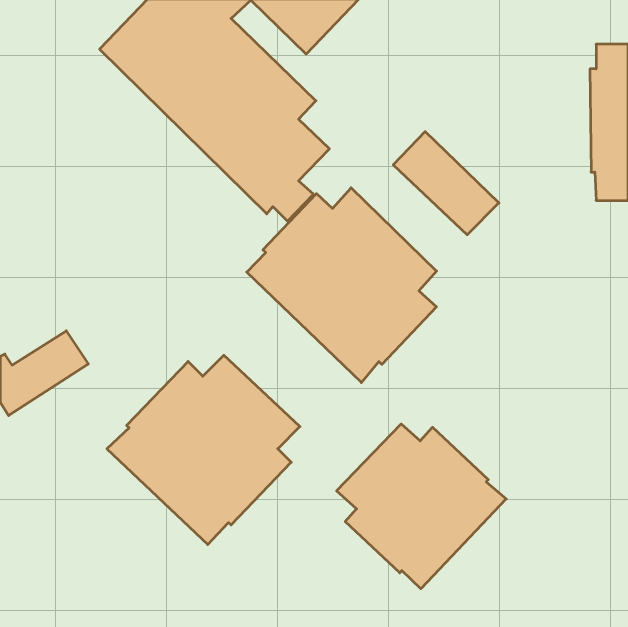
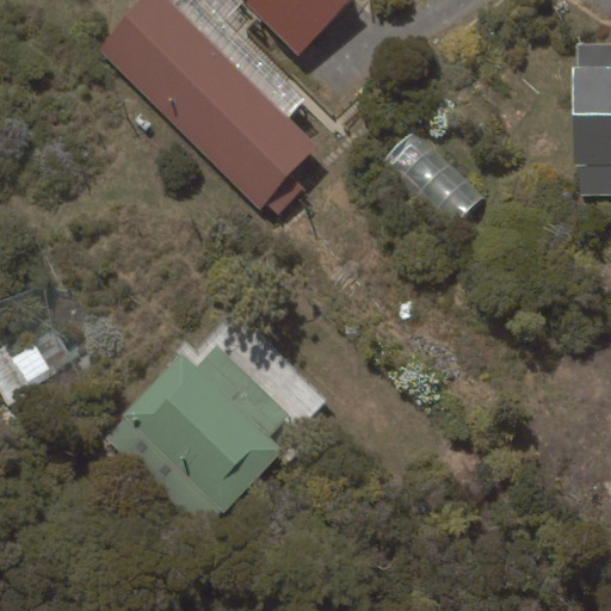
building: [247,188,437,383] -> none
building: [337,424,506,589] -> none

